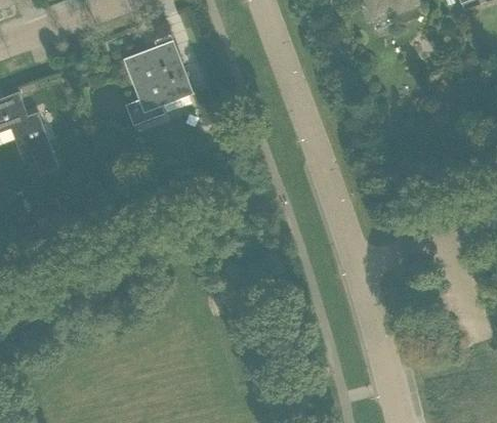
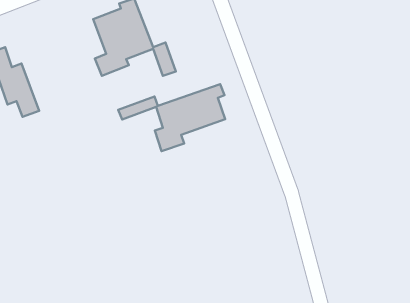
building: none -> [118,84,225,151]

